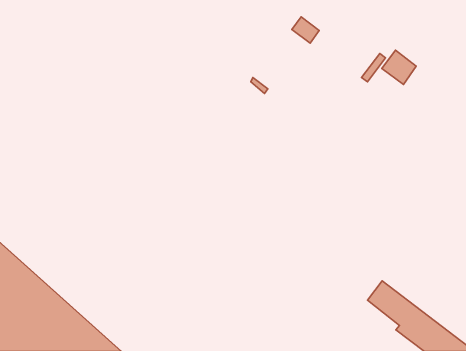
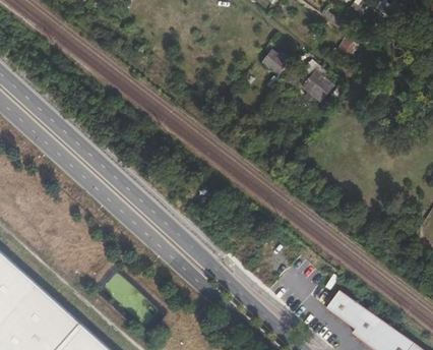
building: [382,50,416,84] -> [302,71,332,102]

